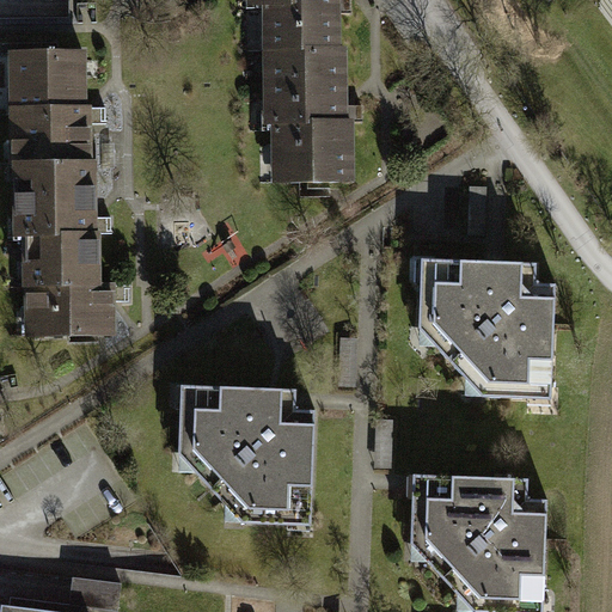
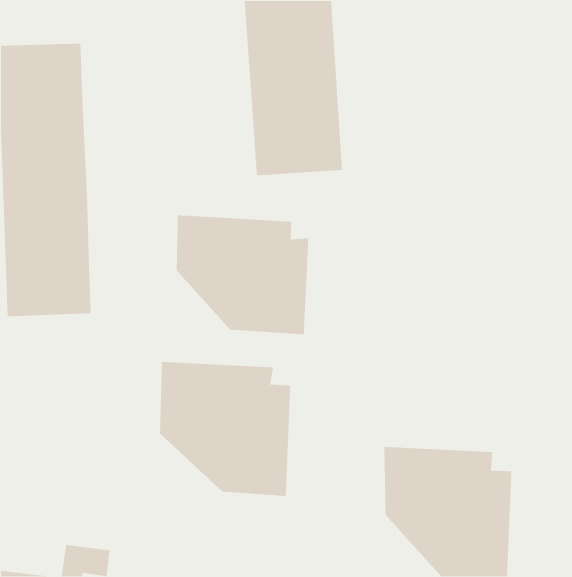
building: none -> [176,214,309,335]
building: [416,256,556,403] -> none

